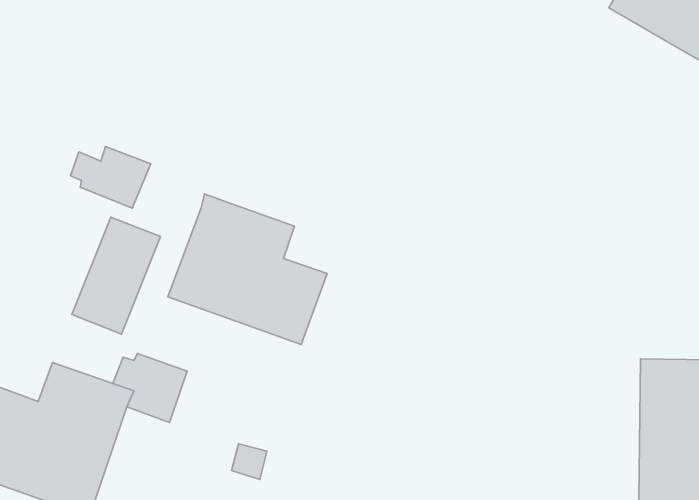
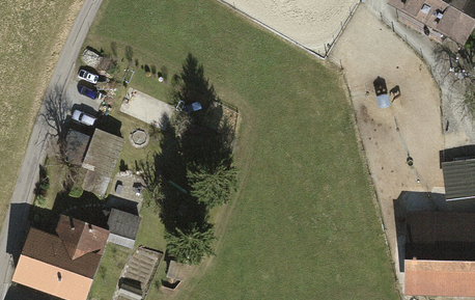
building: [71,146,151,208] -> none
building: [168,194,327,344] -> none

